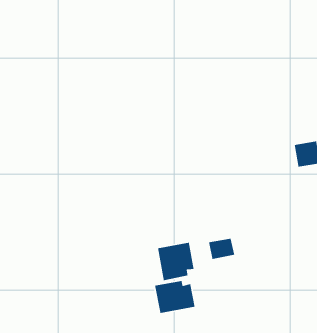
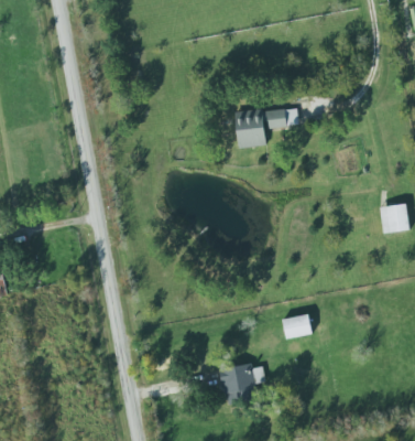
building: none -> [234,107,297,148]
building: [157,242,194,281] -> none

